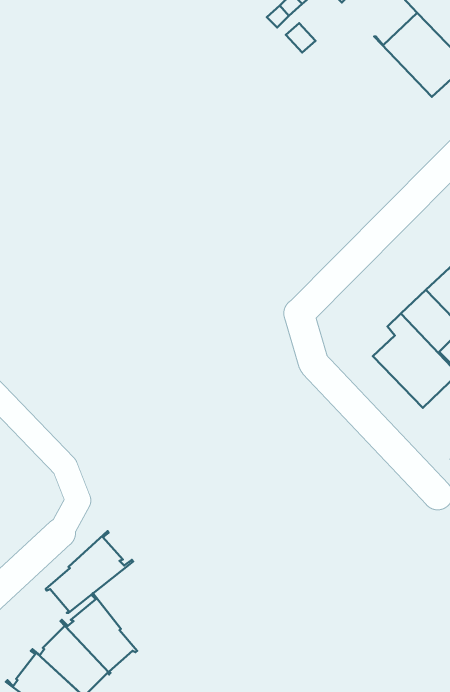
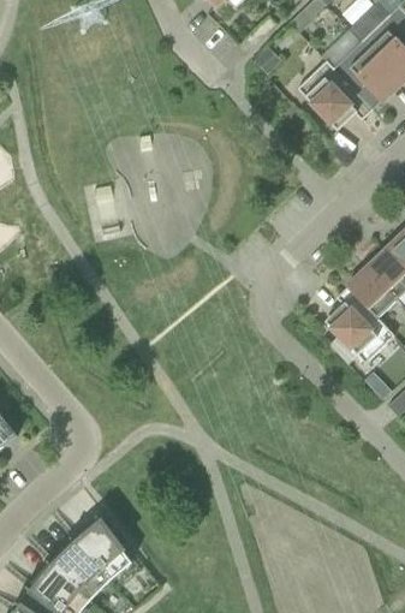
building: none -> [296,60,371,131]
building: [46,531,133,613] -> none

